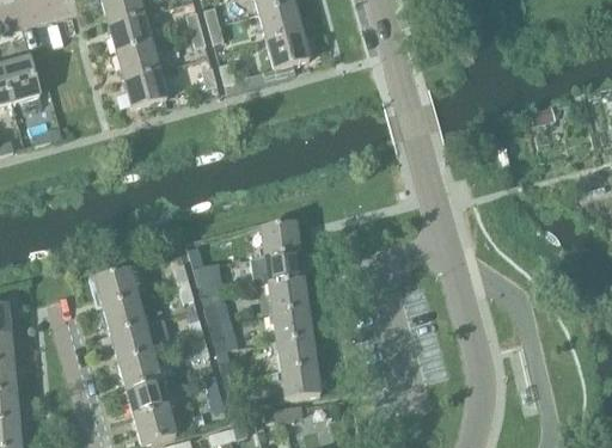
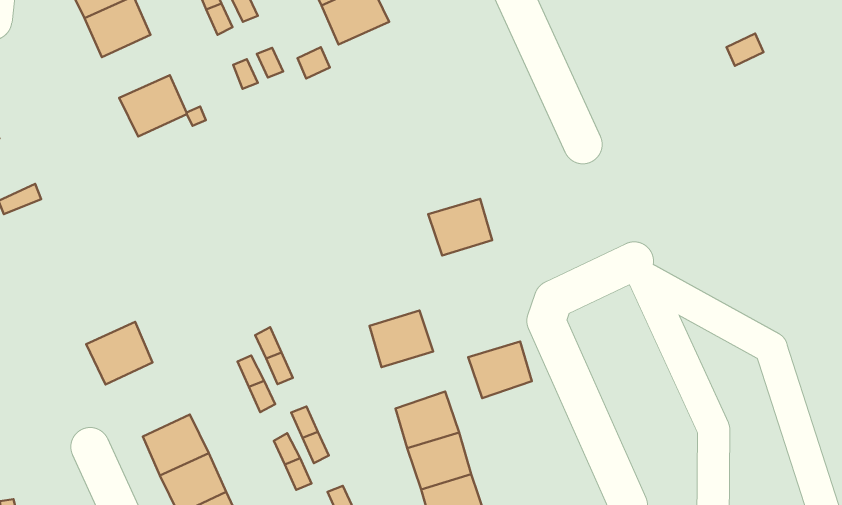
building: [116,39,159,78] -> none
building: [259,221,299,254] -> [428,199,492,256]
building: [94,265,136,303] -> [86,322,153,385]
building: [268,278,307,312] -> [468,341,532,398]

